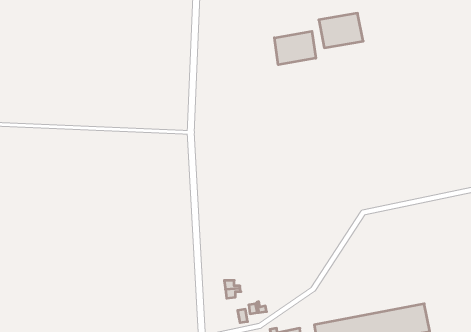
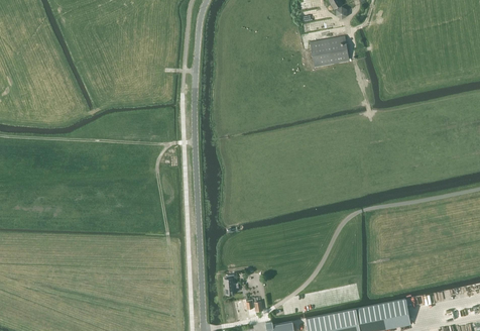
building: [274,31,316,65] -> none

